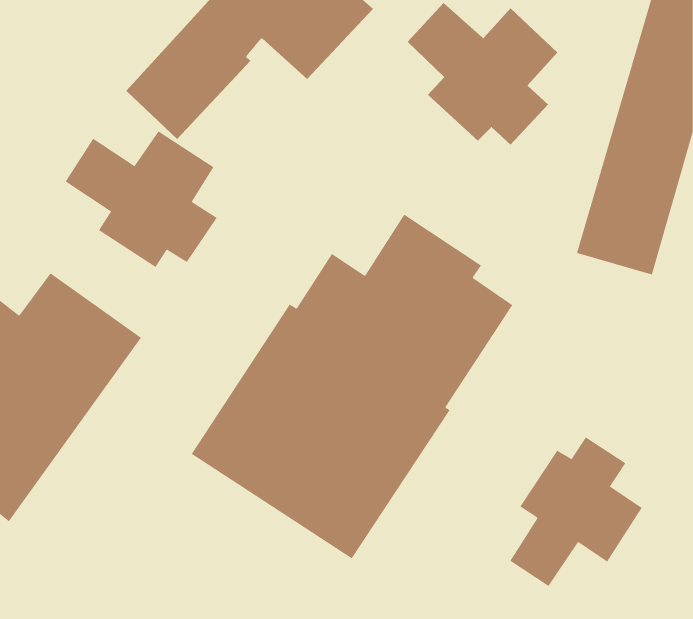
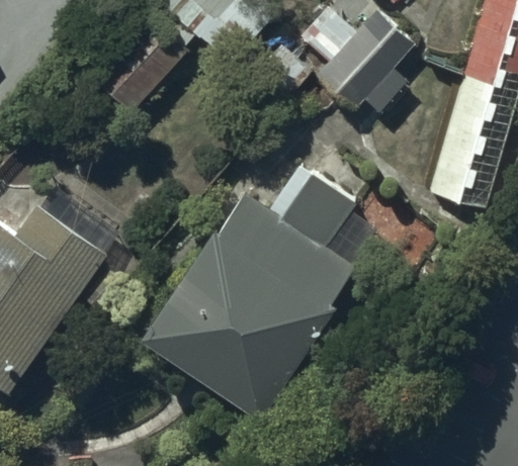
building: [65,131,217,268] -> none
building: [509,436,643,587] -> none

